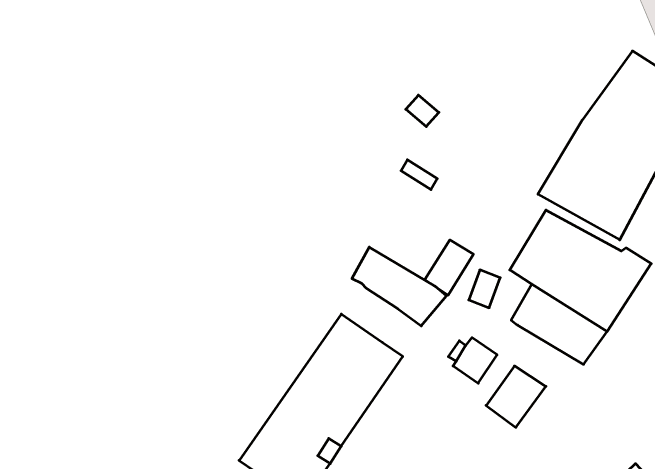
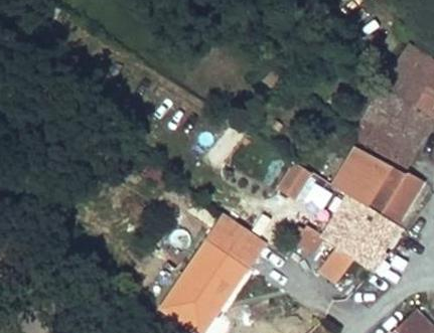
building: [352,247,446,326] -> [328,221,389,272]

